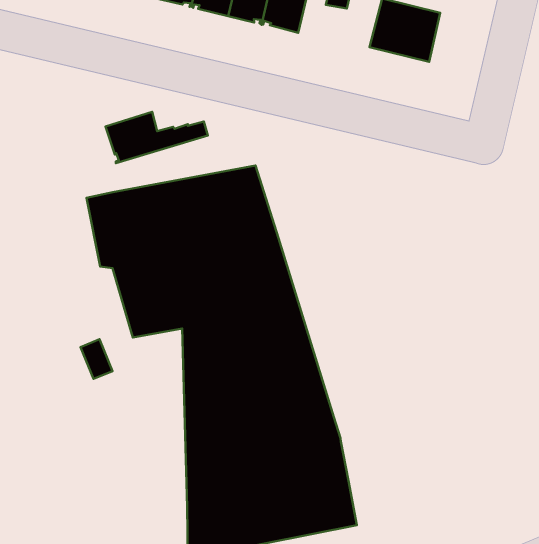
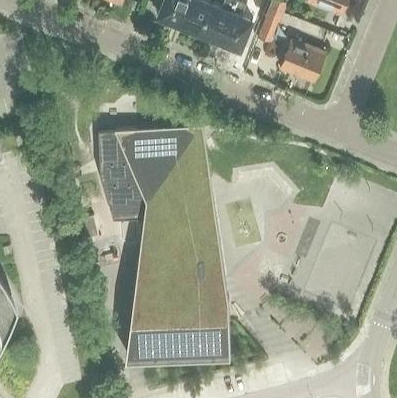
building: [105,112,208,163] -> none

